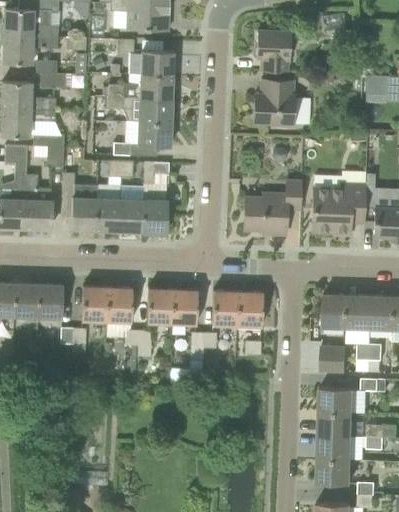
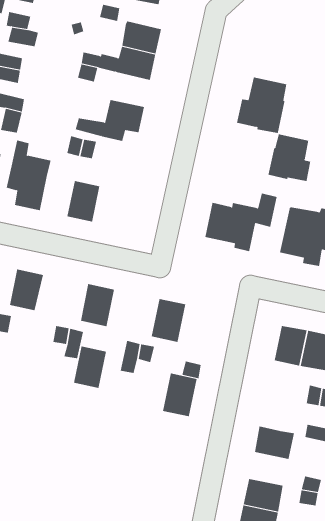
building: [256,31,291,72] -> none
building: [139,97,172,123] -> none
building: none -> [268,133,311,182]
building: [143,162,169,234] -> none
building: [95,198,120,232] -> none
building: [106,287,132,321] -> none
building: [172,289,197,324] -> [73,346,107,389]
building: [237,291,263,327] -> [162,373,197,417]
building: [322,347,348,372] -> none
building: [320,411,353,436] -> none

